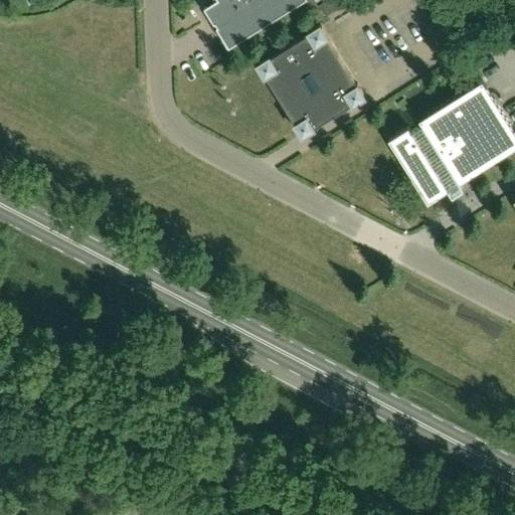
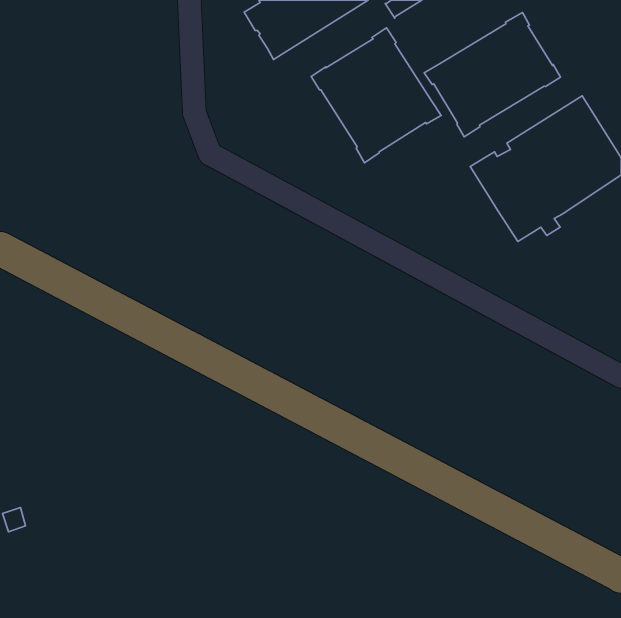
building: none -> [424,12,560,137]

